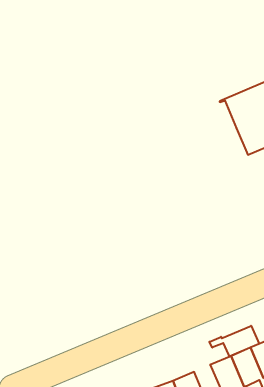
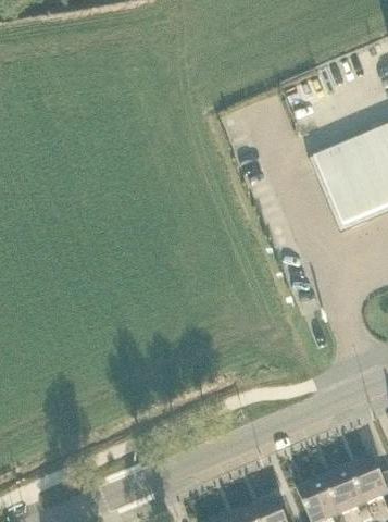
building: [209,326,259,356] -> none

